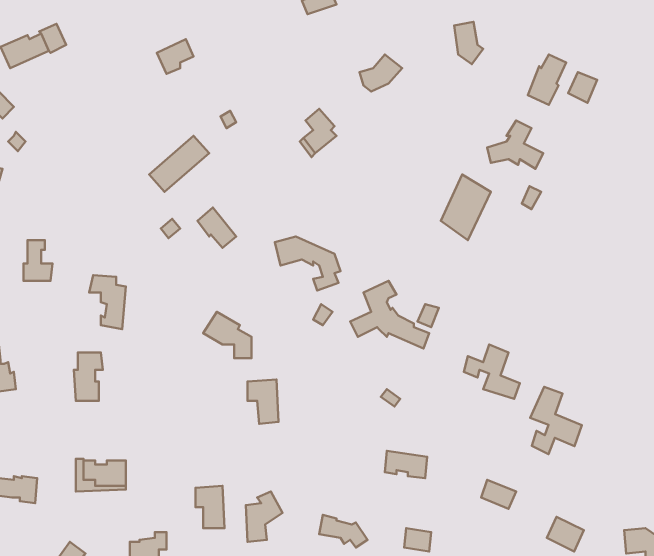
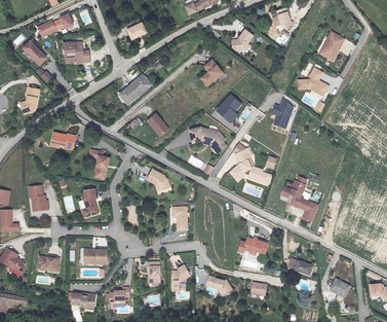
building: none -> [63,42,90,64]
building: none -> [216,90,246,121]
building: [530,387,582,454] -> none

